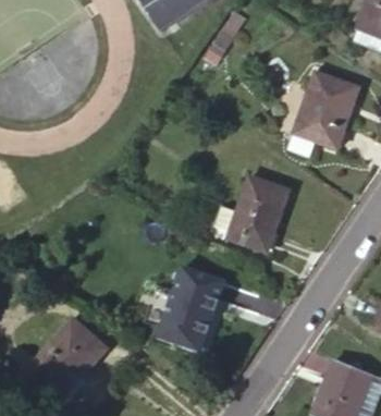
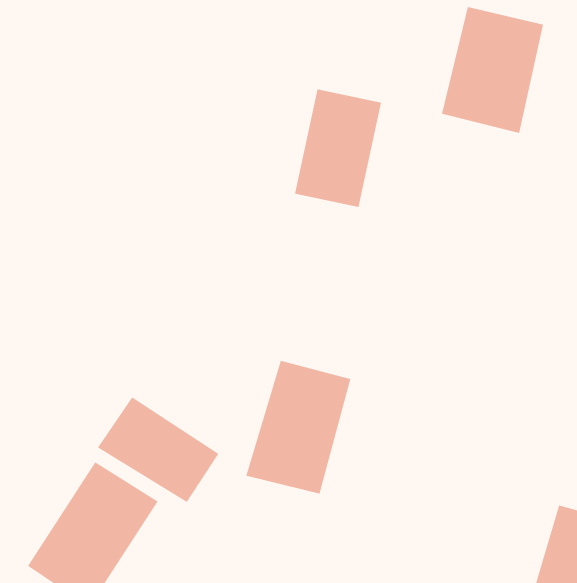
building: [229,176,285,248] -> [294,89,382,208]
building: none -> [97,397,219,503]

